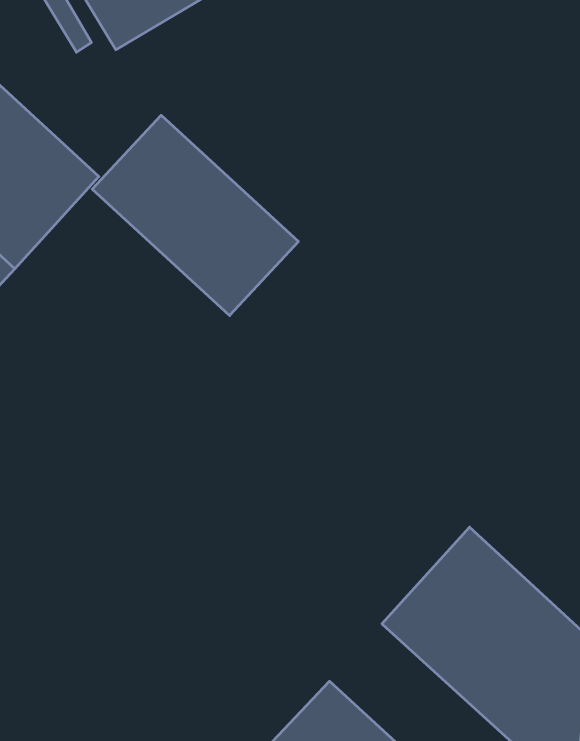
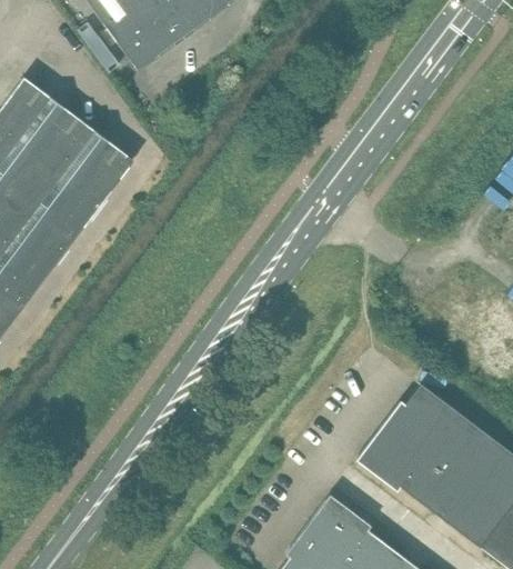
building: [92,115,298,316] -> none

